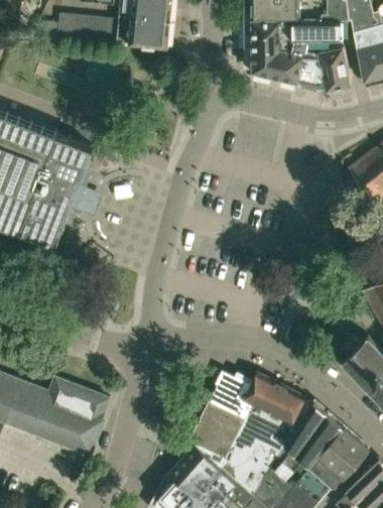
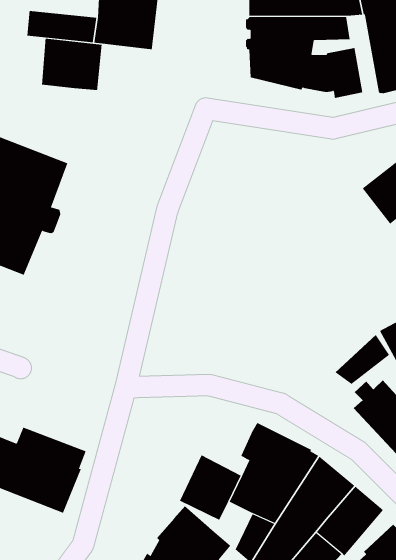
building: none -> [41,38,102,91]
building: none -> [335,334,390,385]
building: [209,372,253,420] -> none
building: [221,443,253,485] -> none

